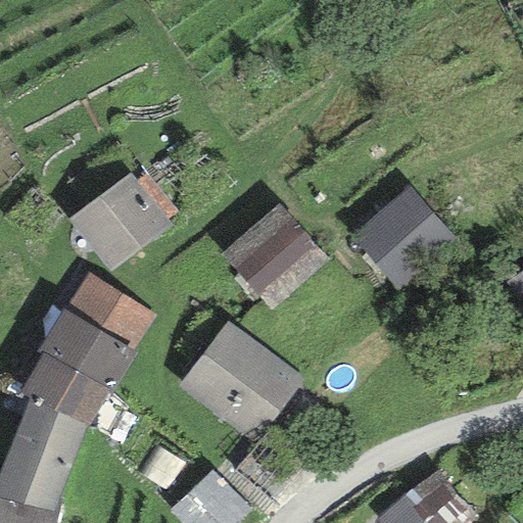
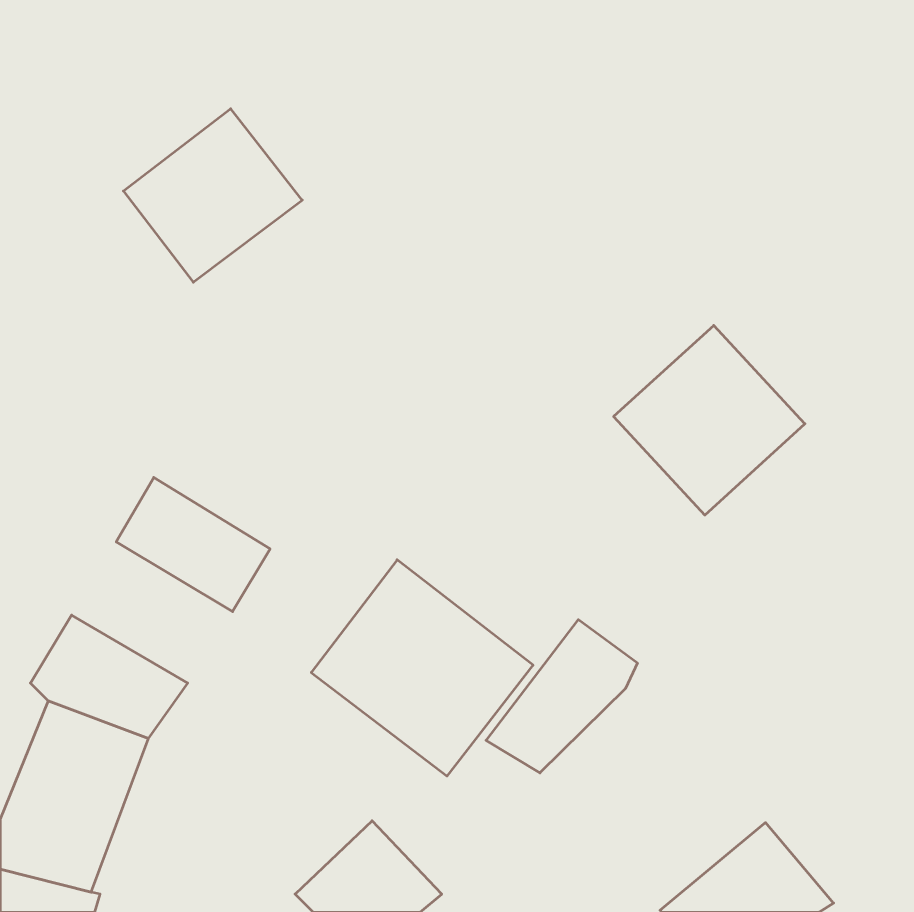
building: [69,172,172,271] -> [123,109,302,282]
building: [221,201,330,311] -> none
building: [37,307,136,392] -> none
building: none -> [486,620,637,773]

